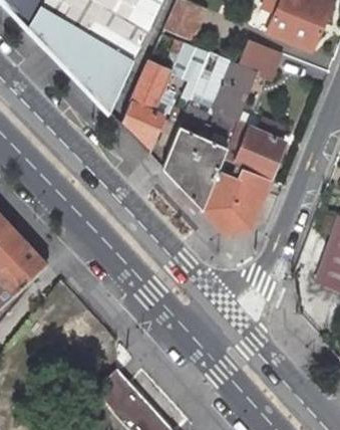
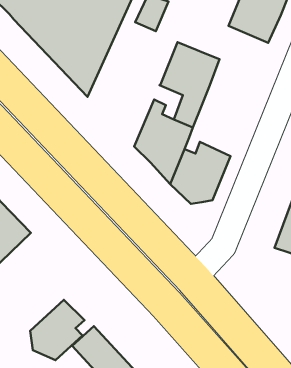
building: [120,33,211,152] -> none
building: [240,39,280,75] -> none
building: [224,121,285,178] -> none
building: none -> [30,300,85,360]

